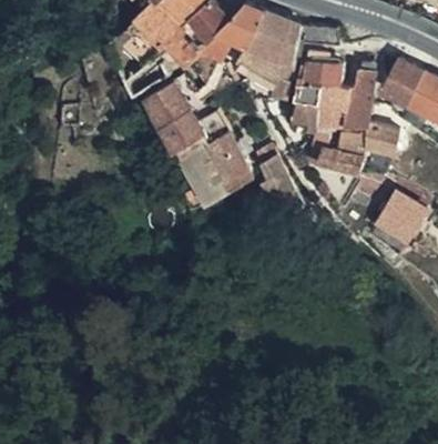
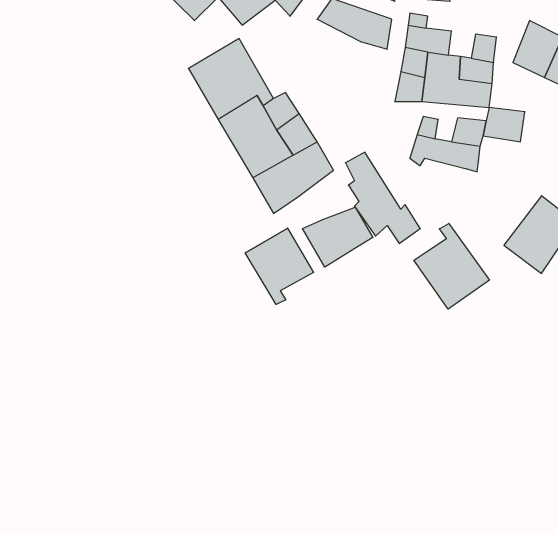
building: none -> [302,207,373,267]
building: none -> [414,223,489,309]
building: none -> [245,228,314,304]

